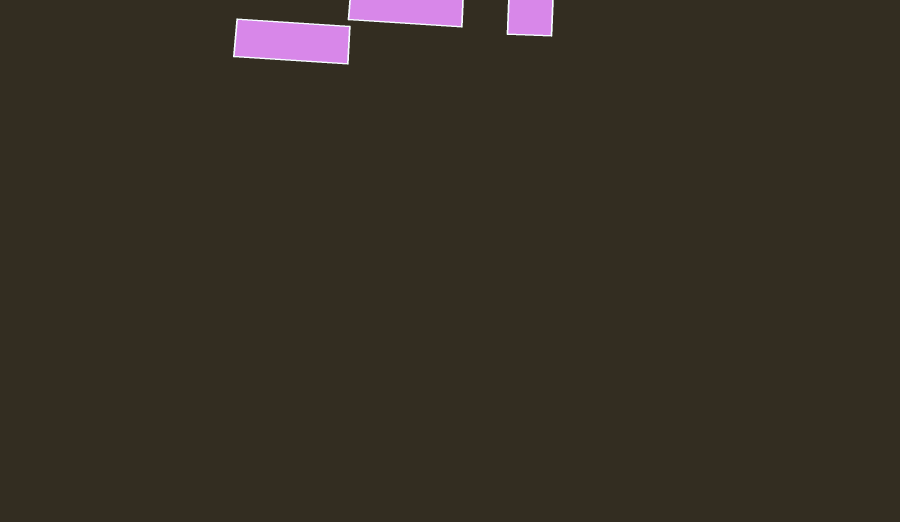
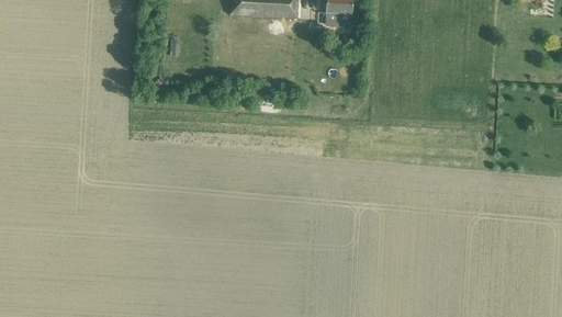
building: [234,19,350,64] -> none

